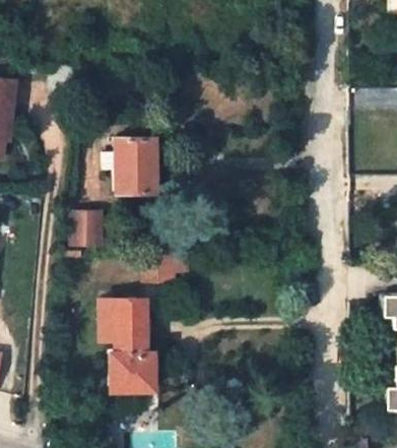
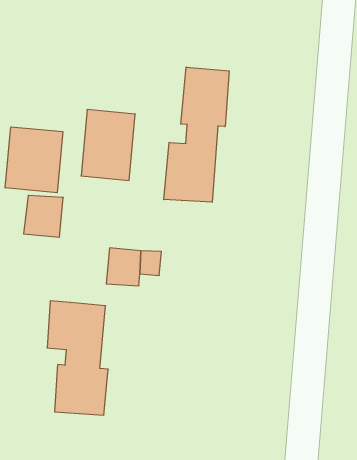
building: none -> [164,67,229,202]
building: none -> [5,127,63,193]

